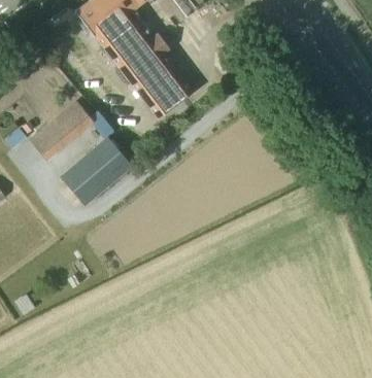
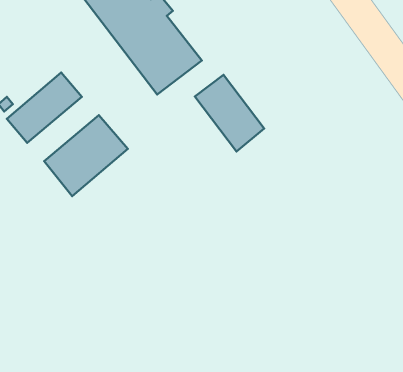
building: none -> [195,75,264,151]

